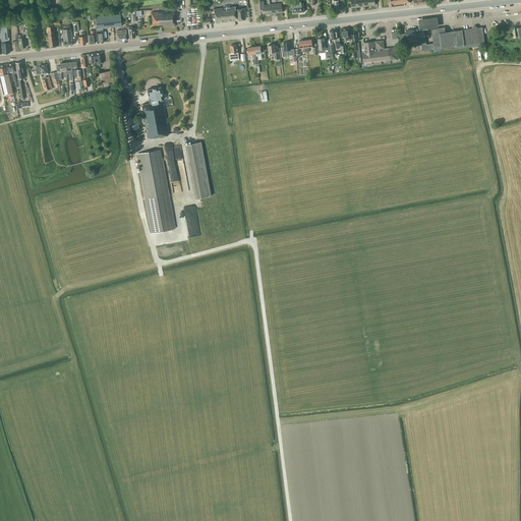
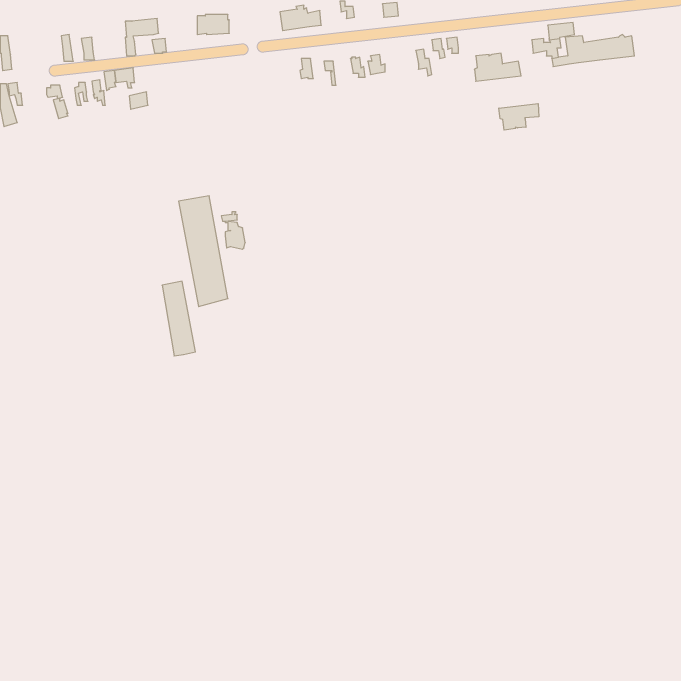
building: none -> [499,104,539,130]
building: [142,86,168,137] -> none
building: [185,141,211,198] -> [162,281,195,356]

